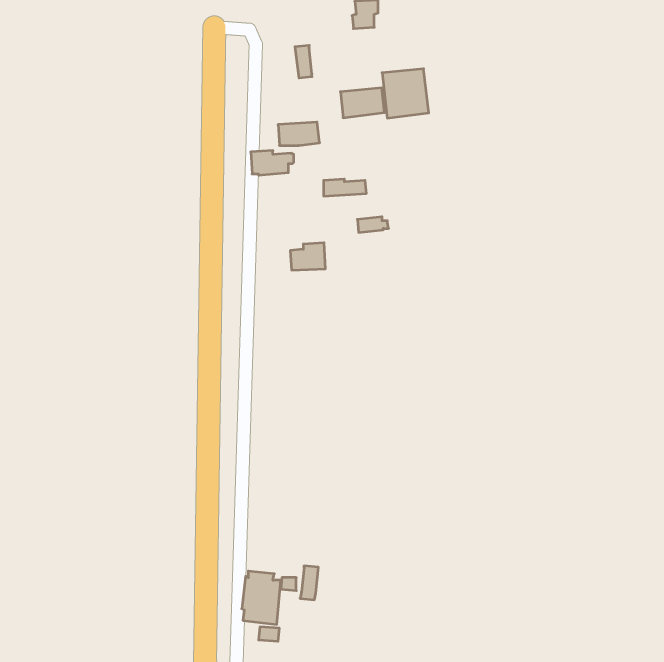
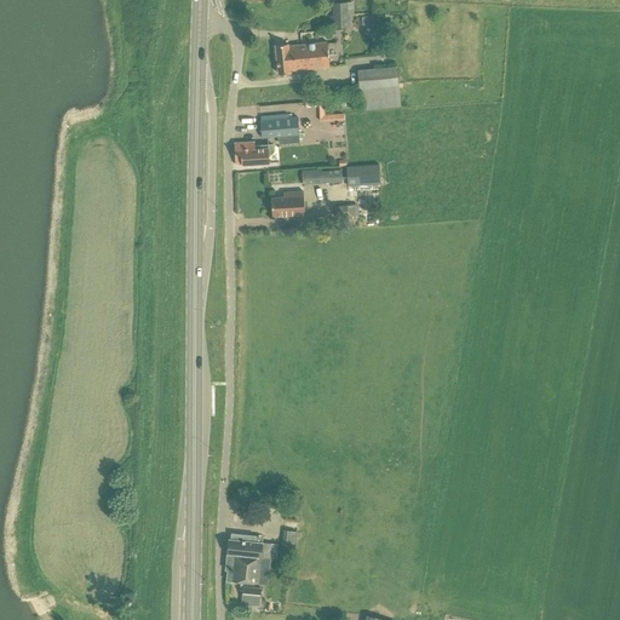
building: [340,88,385,118] -> [288,41,329,69]
building: none -> [346,163,380,185]
building: [290,243,325,270] -> [271,189,304,214]

